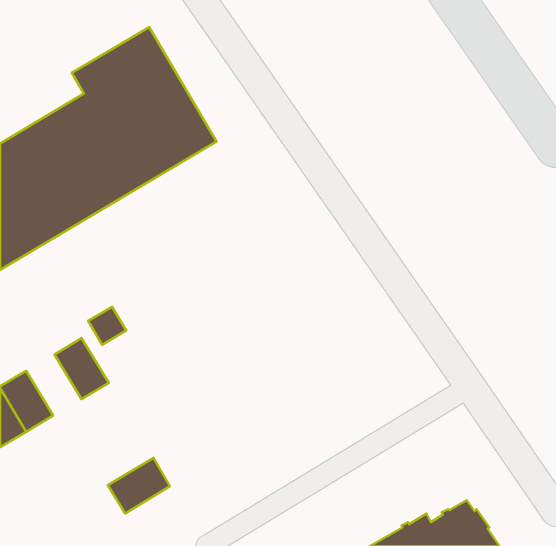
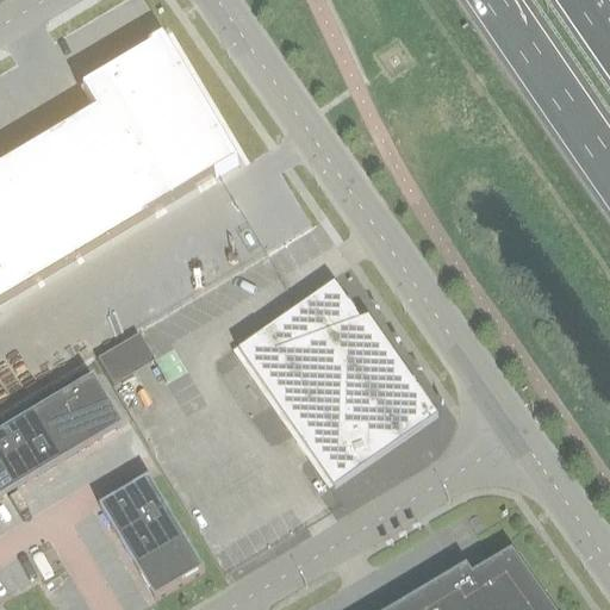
building: none -> [234,279,438,484]
building: none -> [29,388,89,455]
building: none -> [100,471,168,531]
building: none -> [137,533,205,593]

